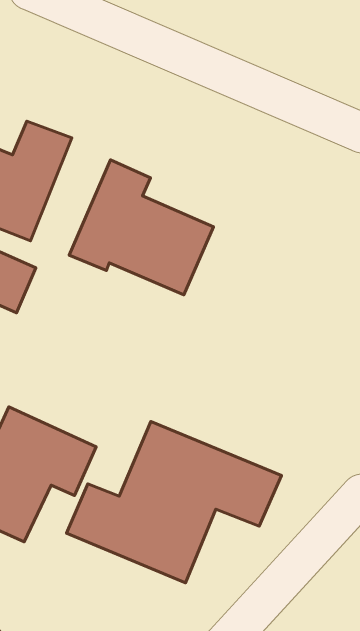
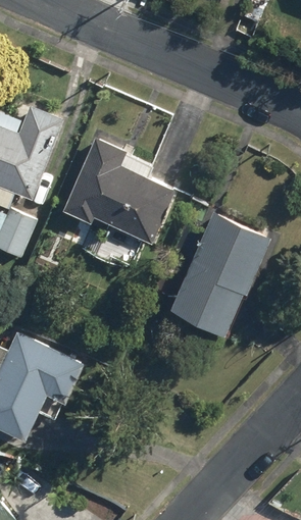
building: none -> [170,212,271,333]
building: [66,422,282,583] -> none

